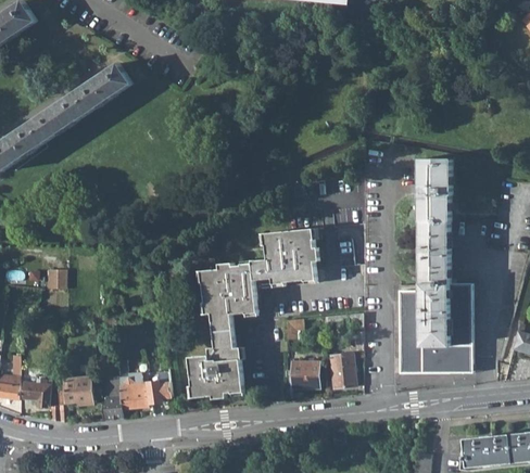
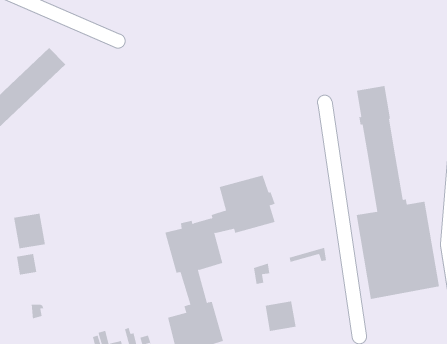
building: none -> [14,213,45,249]
building: [329,354,355,387] -> none

